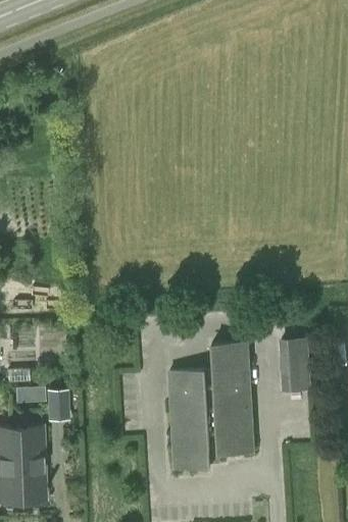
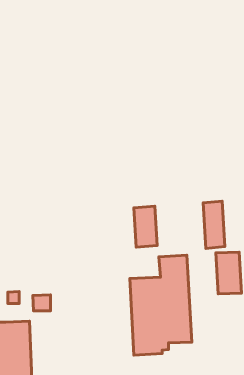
building: none -> [203,201,225,248]
building: none -> [134,206,157,247]

